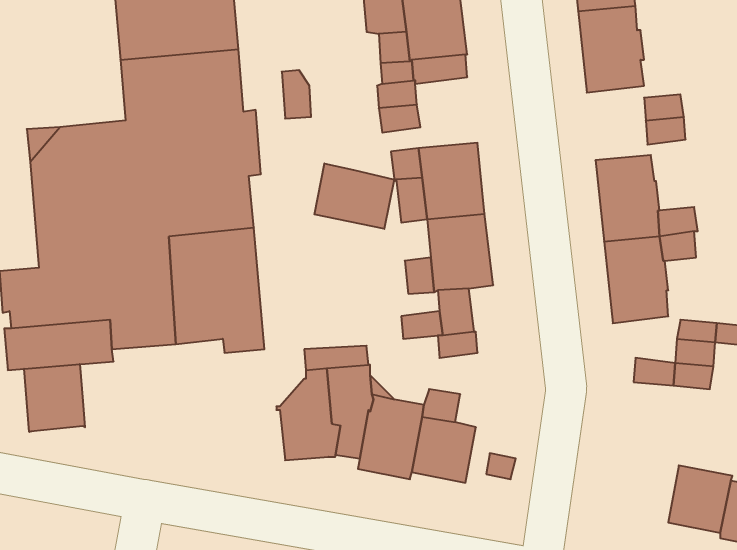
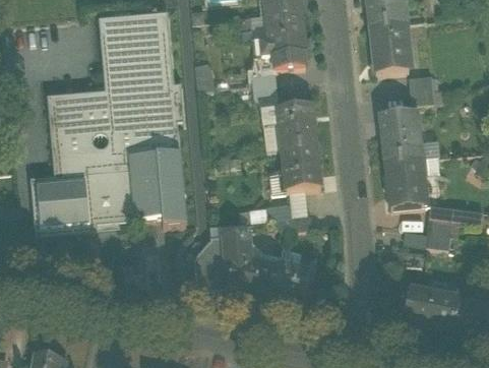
building: [314,163,394,229] -> none
building: [24,364,85,432] -> none
building: none -> [399,288,429,325]

